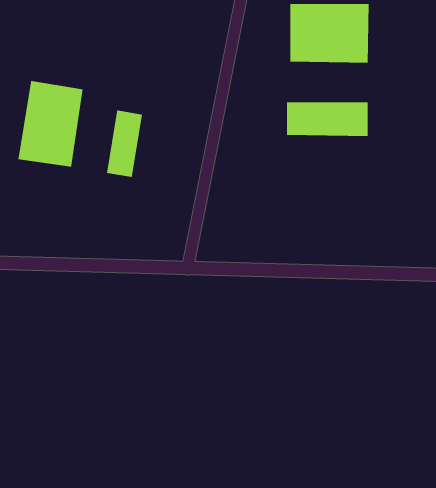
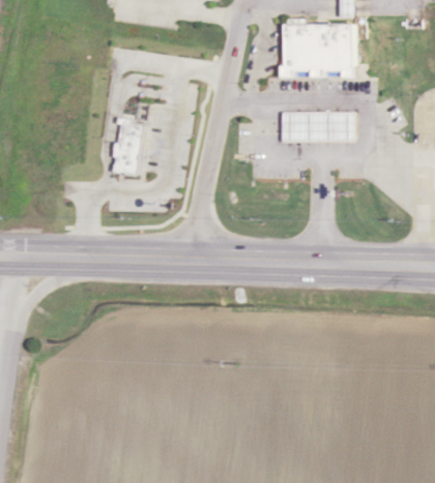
building: [18,80,83,167] -> none

